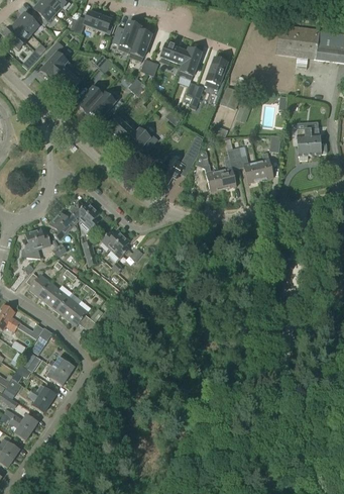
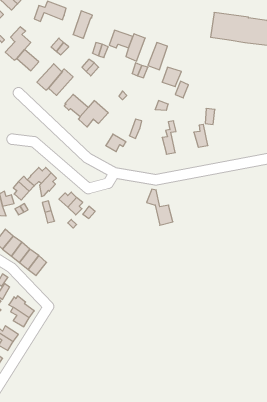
building: [128,30,151,62] -> none
building: [297,128,327,160] -> none
building: [233,146,261,183] -> none
building: [195,150,225,191] -> [147,189,173,225]

